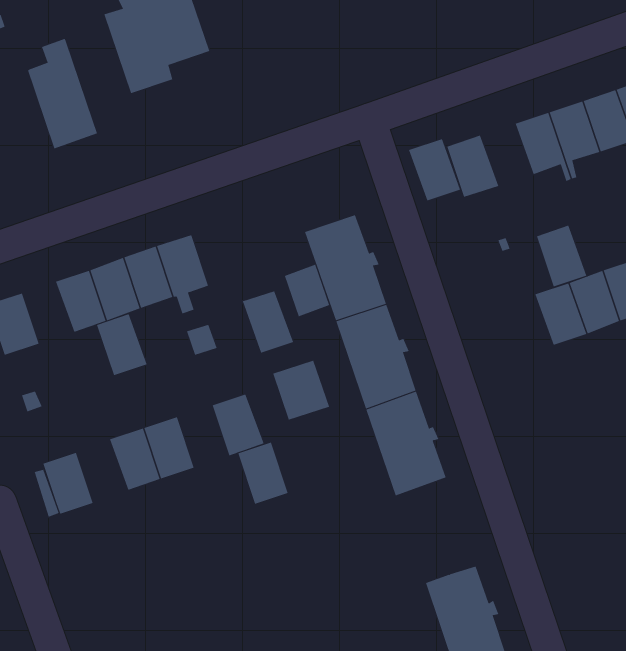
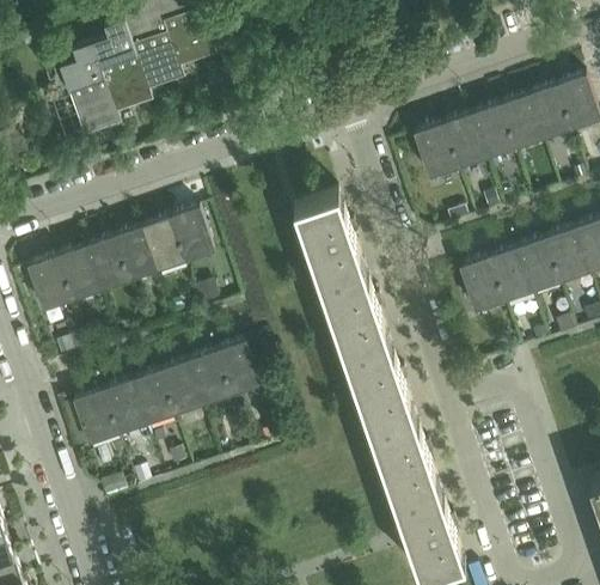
building: none -> [91,20,148,114]
building: [408,139,461,201] -> [439,116,483,169]
building: [536,225,587,287] -> [457,260,500,312]
building: [284,264,330,317] -> none
building: [242,291,294,354] -> none
building: [96,313,148,376] -> [54,249,97,301]
building: [273,360,330,421] -> none
building: none -> [99,382,142,435]
building: [237,442,289,504] -> [184,353,227,406]
building: none -> [367,414,435,502]

